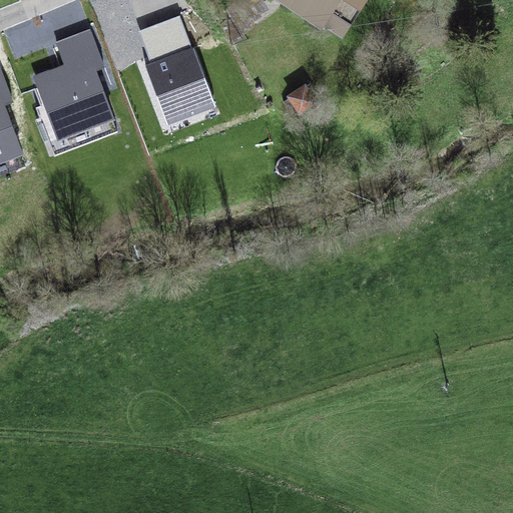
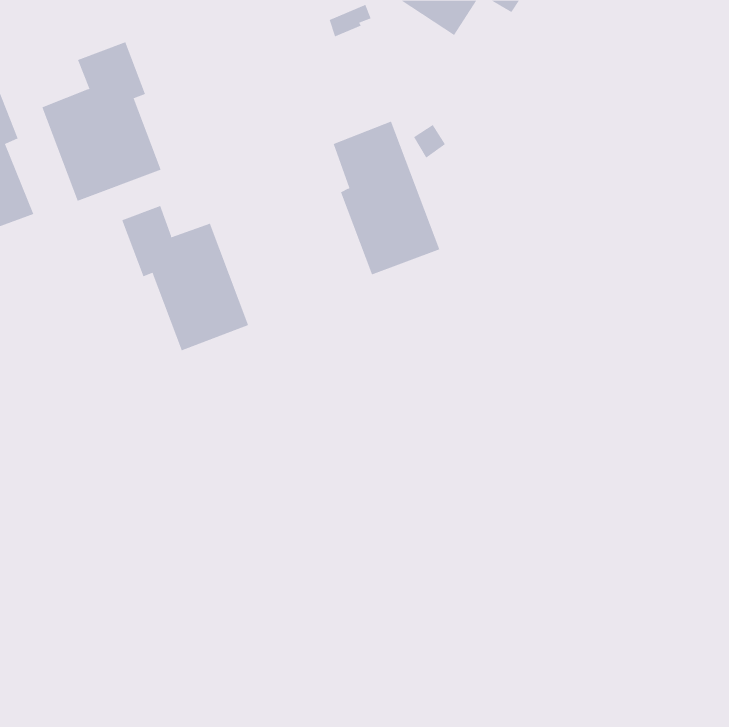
building: [139,14,214,122] -> [333,121,440,275]
building: none -> [121,205,249,351]

